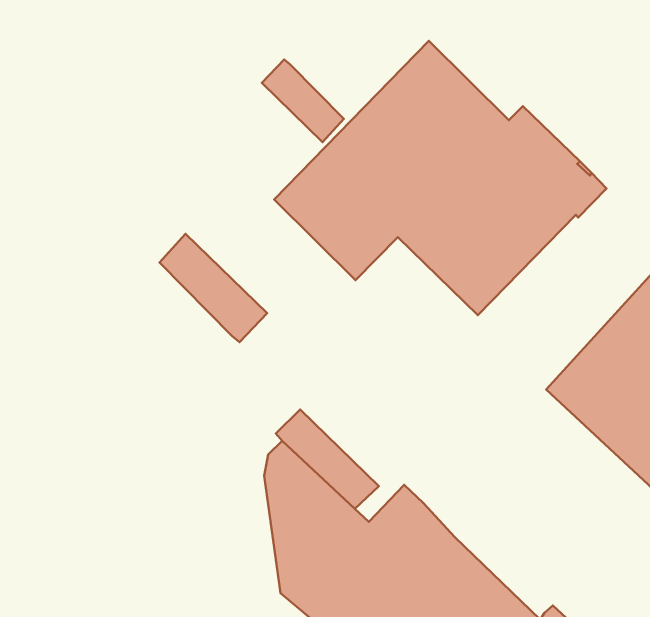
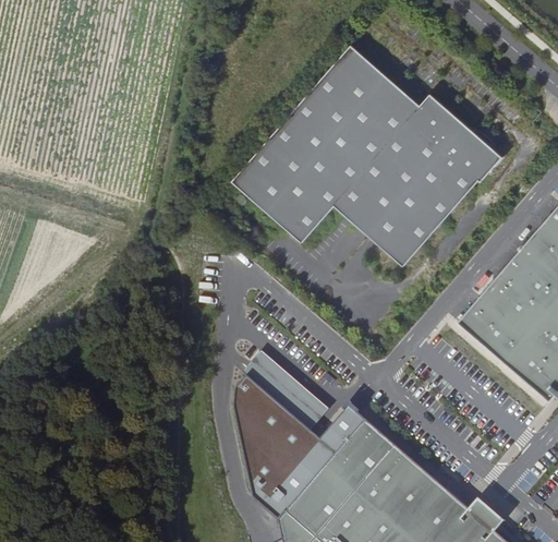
building: [262,59,344,142] -> none
building: [159,234,267,342] -> none

